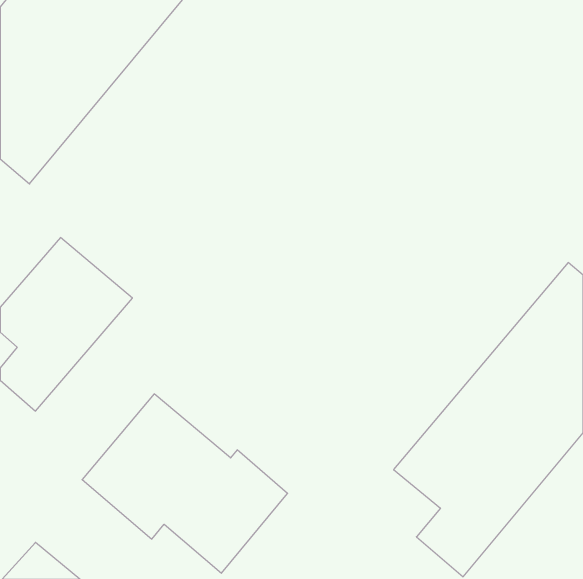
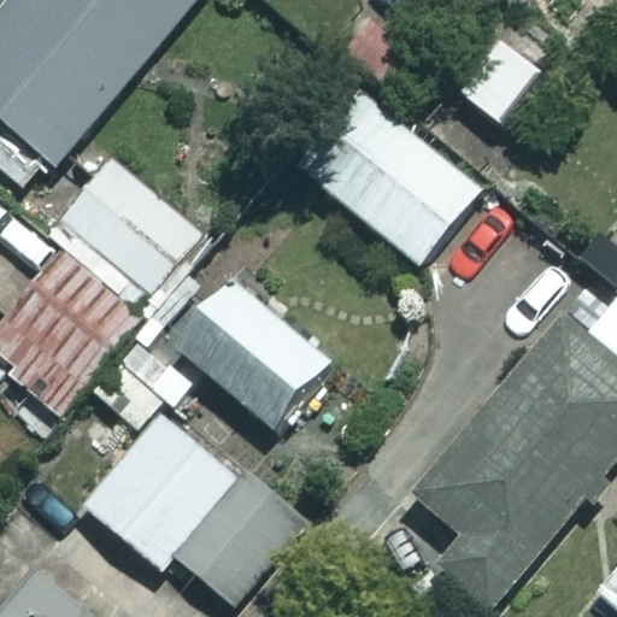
building: none -> [296,89,478,262]
building: none -> [57,159,210,305]
building: none -> [172,275,330,428]

